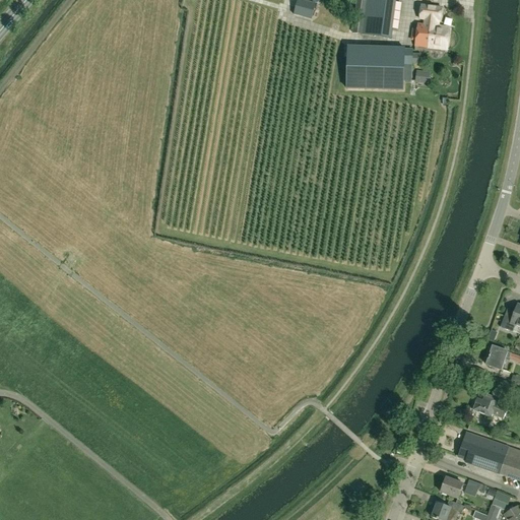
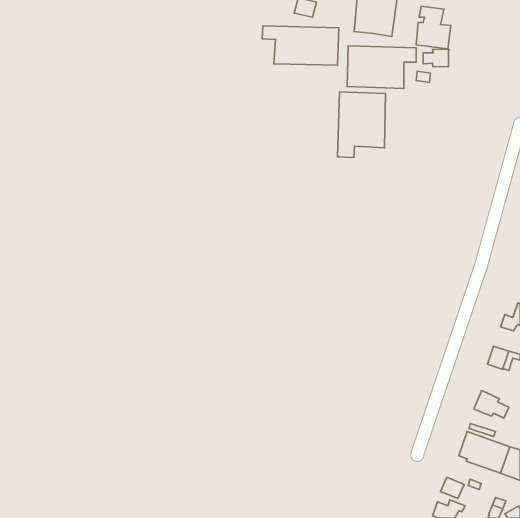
building: none -> [262,26,339,65]
building: none -> [423,49,449,67]
building: none -> [338,92,386,158]

